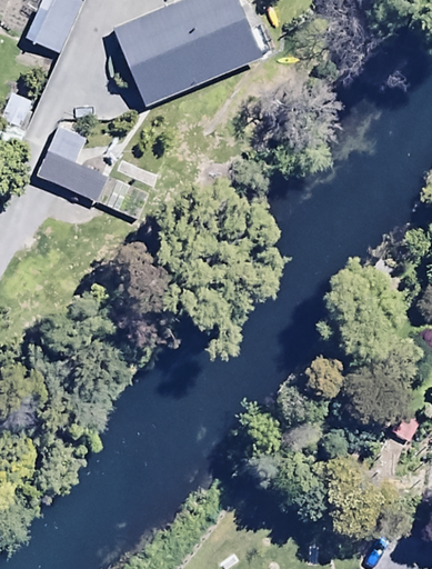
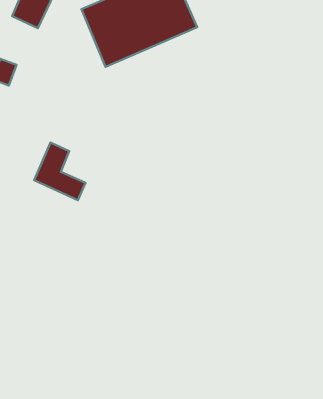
building: [39,127,106,201] -> [34,143,86,200]

